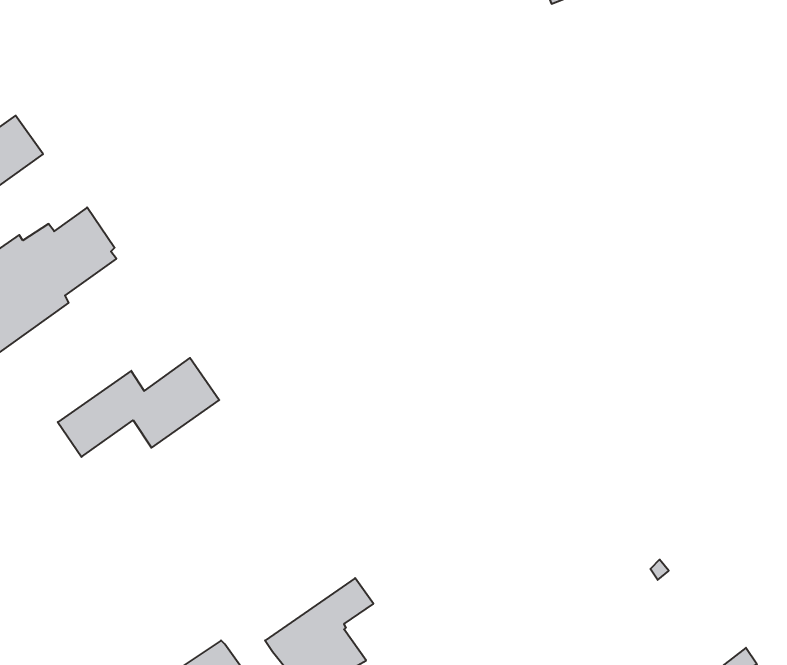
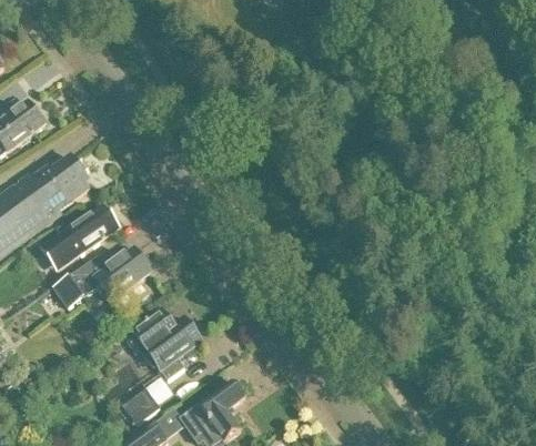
building: none -> [39,203,118,267]
building: none -> [132,308,200,377]
building: none -> [121,384,158,420]

